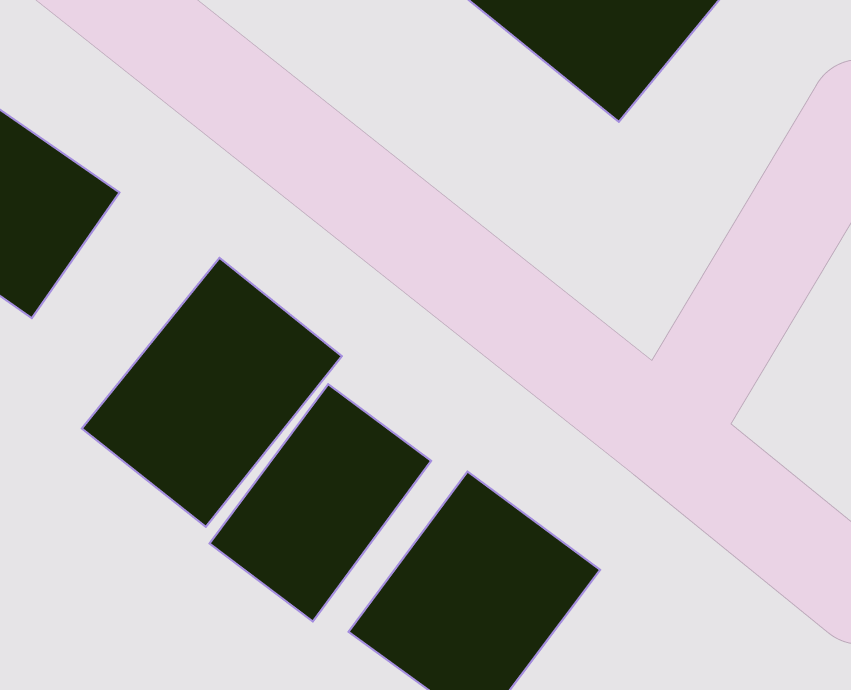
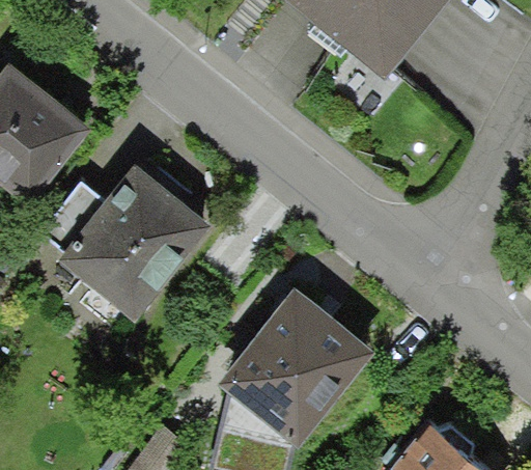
building: [210,384,431,621] -> none

